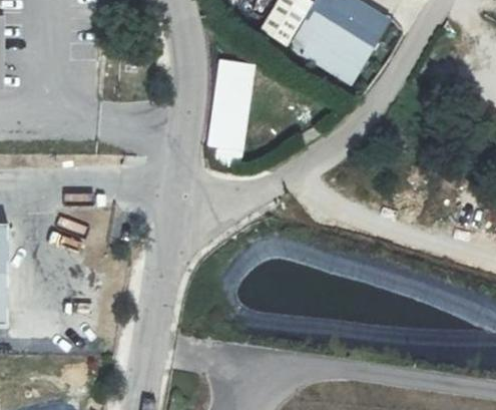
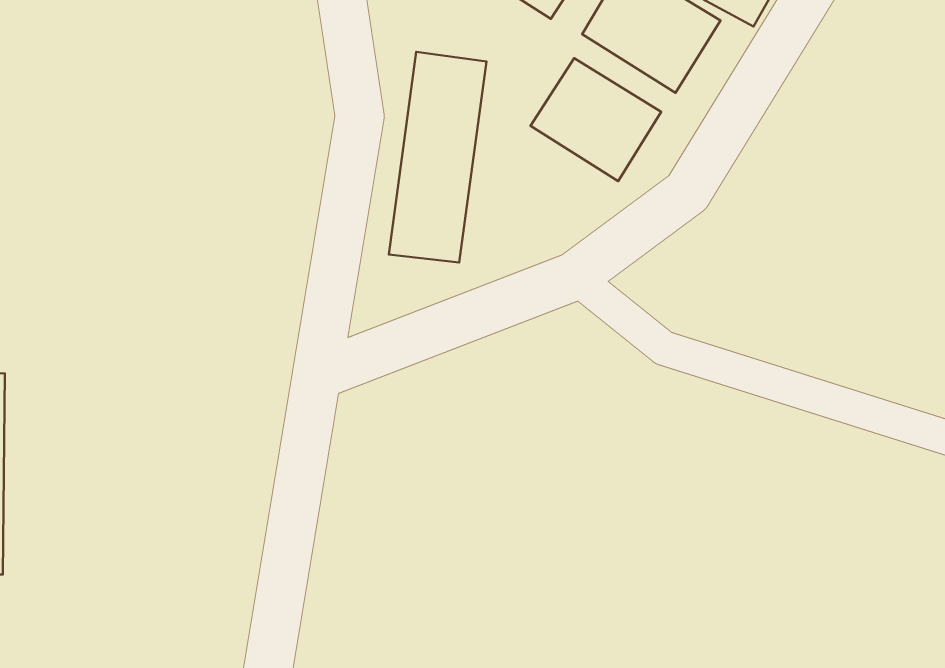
building: none -> [530,58,661,181]

